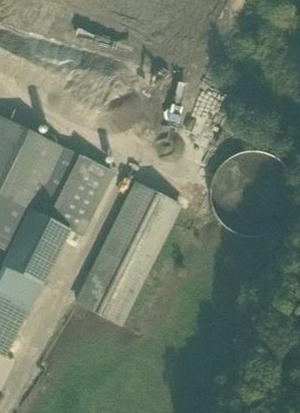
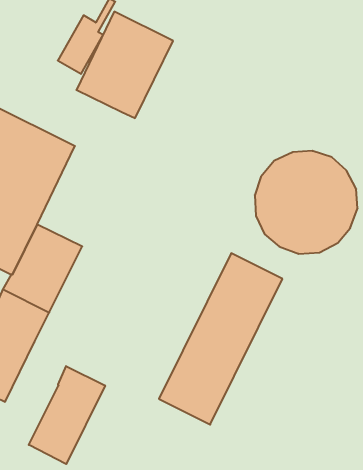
building: [31,146,110,234] -> [76,12,173,118]
building: [77,182,179,323] -> [159,253,282,425]
building: none -> [29,366,105,464]

